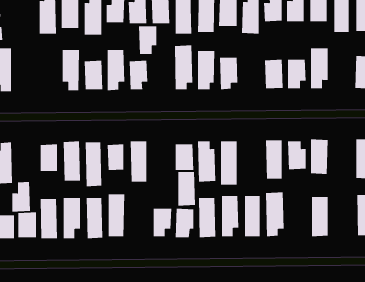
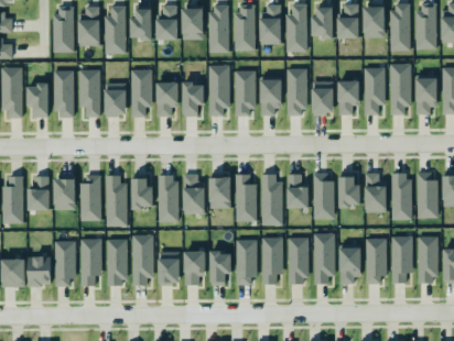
building: [138,26,157,55] -> [182,82,204,116]
building: none -> [389,63,411,114]
building: none -> [287,68,306,116]
building: none -> [54,69,74,117]
building: none -> [26,84,48,117]
building: none -> [391,173,411,219]
building: none -> [288,174,309,208]
building: [178,172,196,206] -> [183,174,204,213]
building: [12,181,31,212] -> [28,175,50,210]
building: none -> [391,235,413,283]
building: none -> [339,245,359,284]
building: none -> [158,251,180,284]

